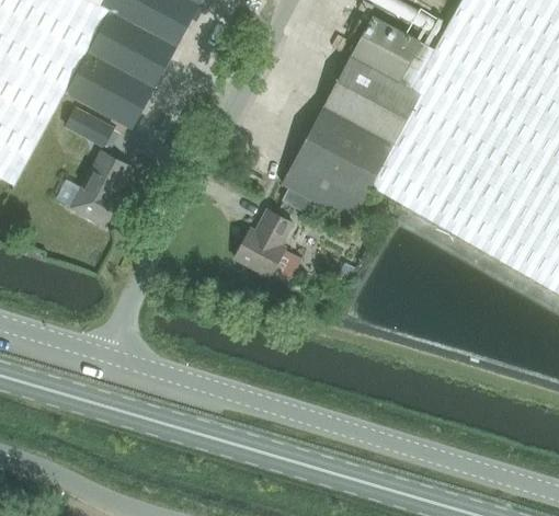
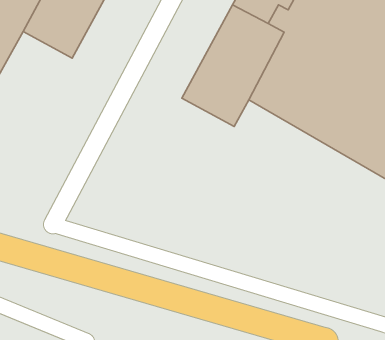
building: [66,108,114,145] -> none
building: [70,153,129,228] -> none
building: [235,209,304,285] -> none

